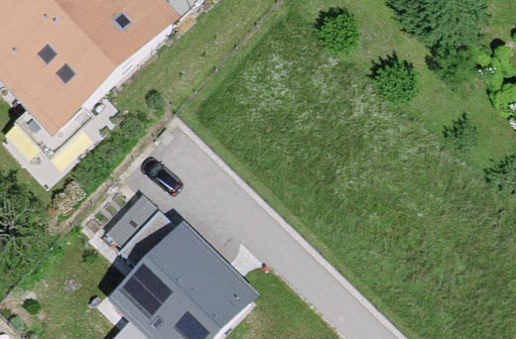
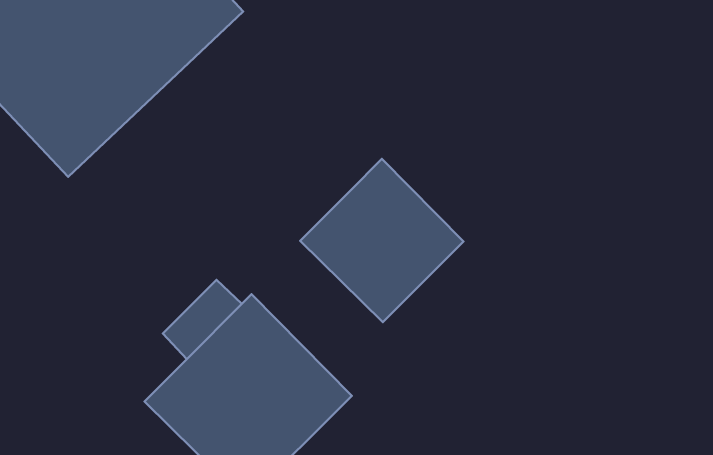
building: none -> [300,159,463,322]

